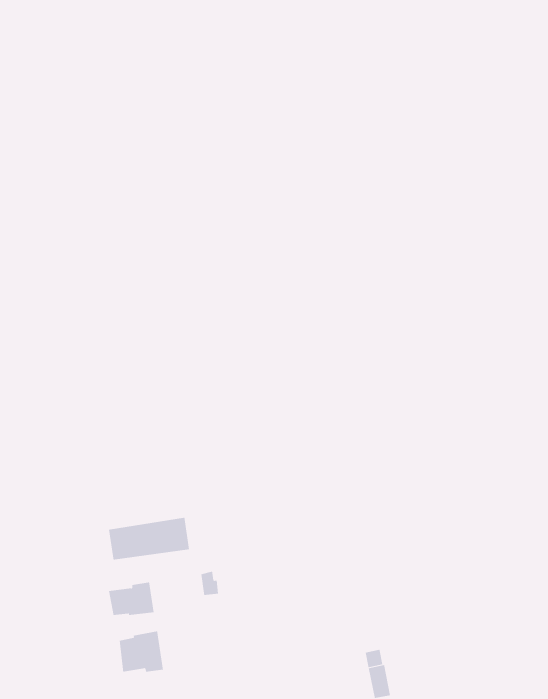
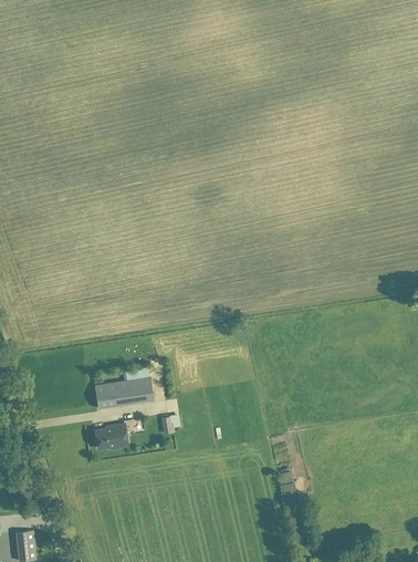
building: [119,630,163,673] -> none

